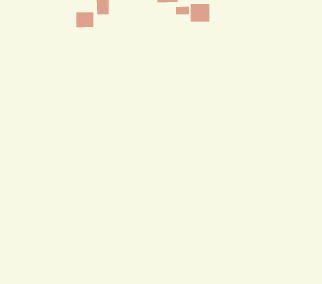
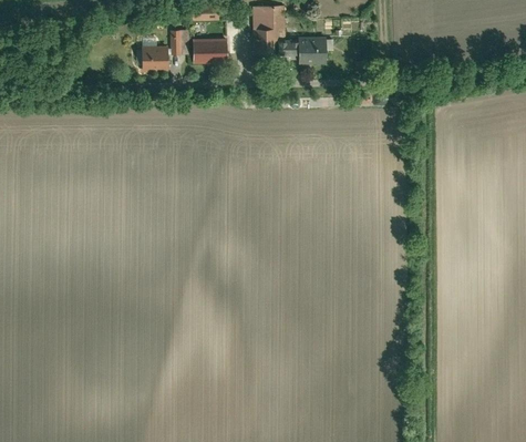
building: none -> [194,40,227,63]

